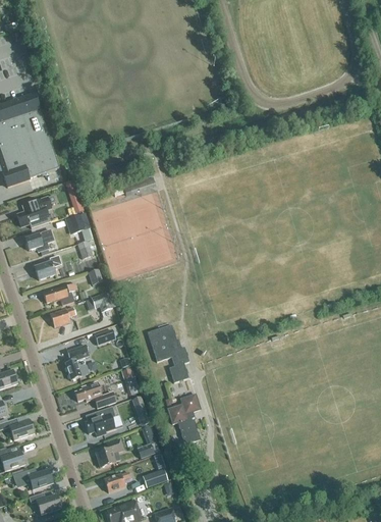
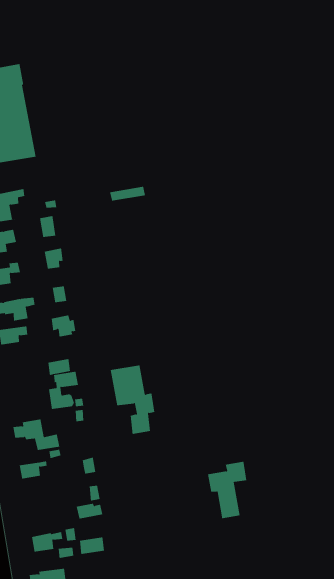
building: [65,345,90,379] -> [48,371,79,409]
building: [167,394,201,443] -> [207,461,247,519]
building: [96,438,123,467] -> none

